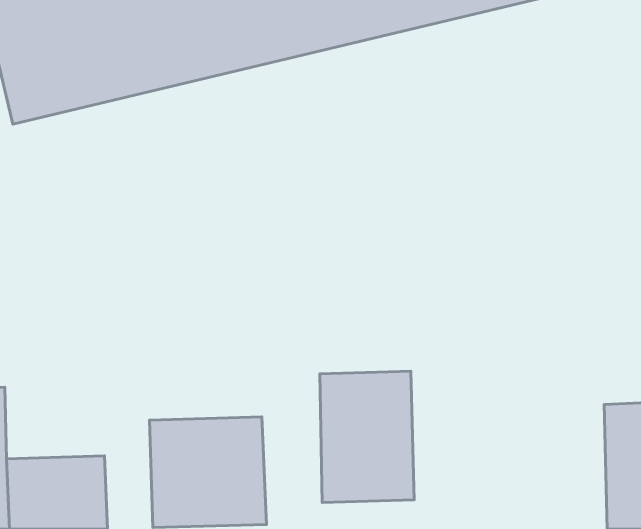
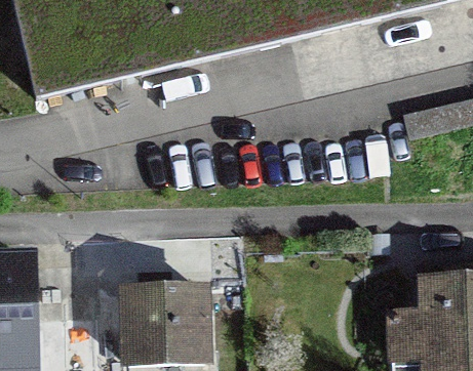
building: [320,371,414,502] -> none

